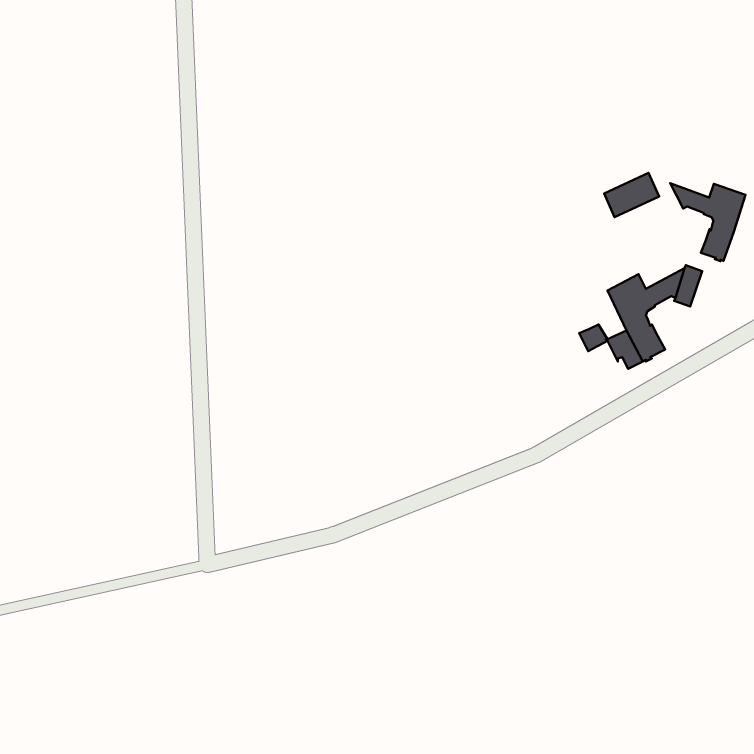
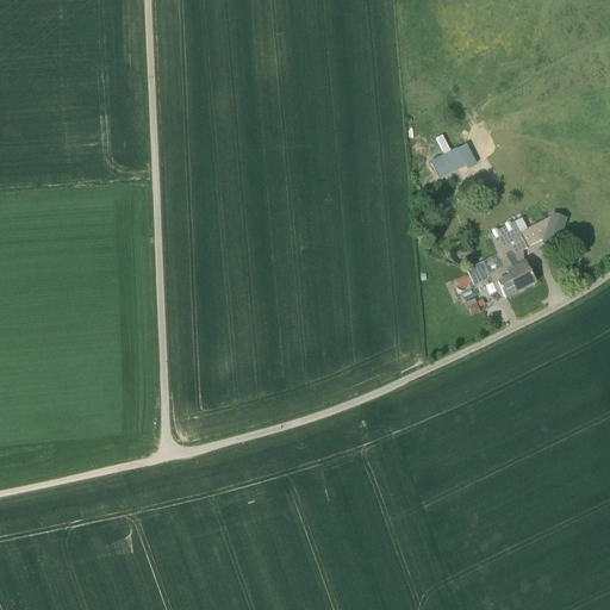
building: [604,173,659,217] -> [434,142,478,178]
building: [670,183,745,261] -> none

